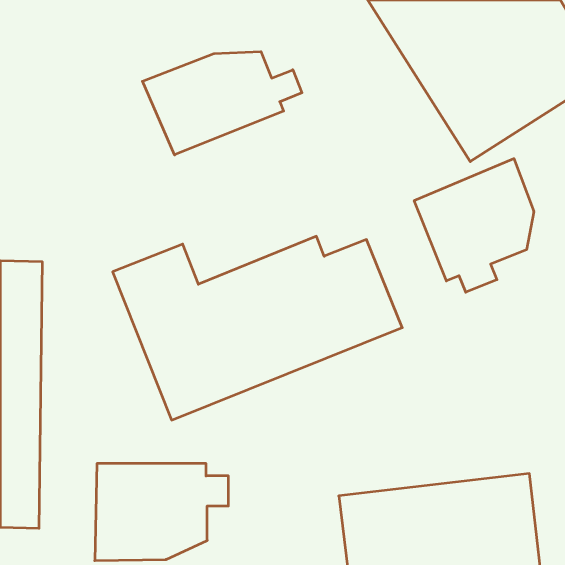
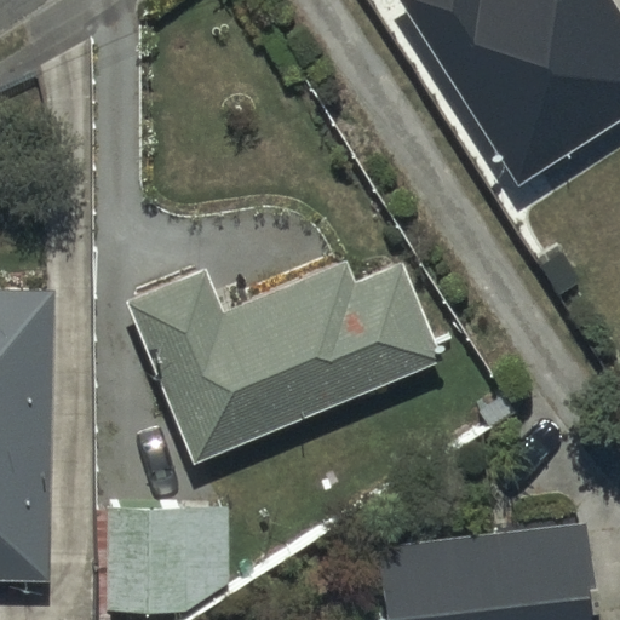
building: [142,52,302,155] -> none
building: [414,159,534,292] -> none

